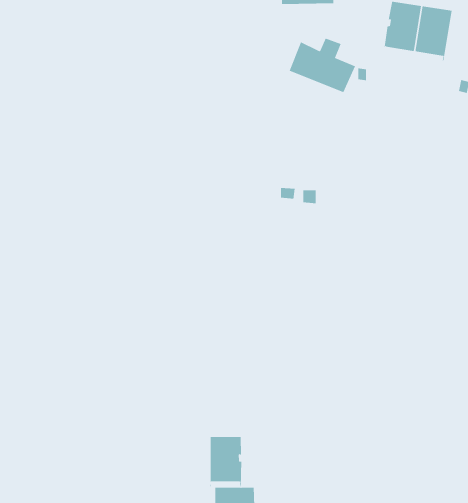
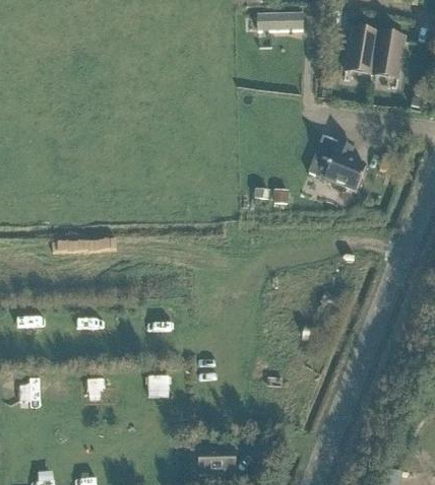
building: [289,38,356,93] -> [308,143,366,191]
building: [210,436,242,487] -> none

